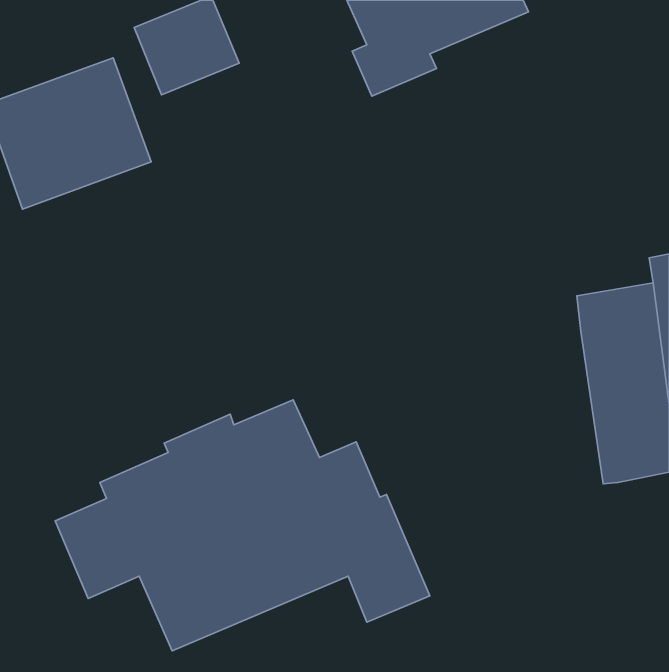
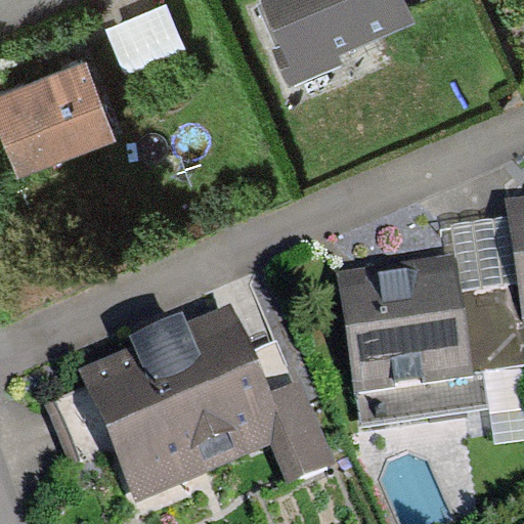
building: none -> [338,258,485,427]

